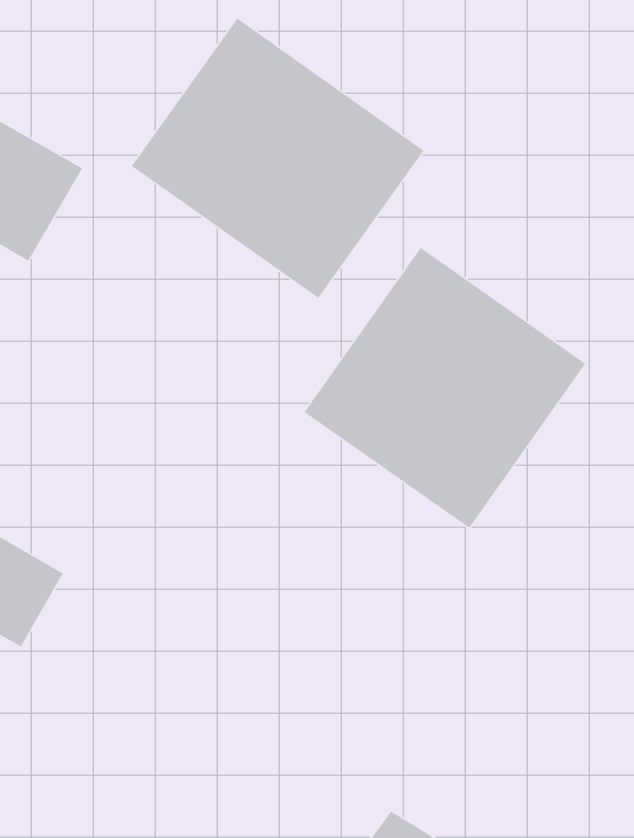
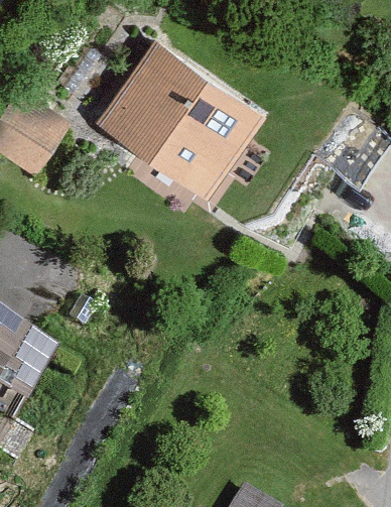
building: [303,247,586,529] -> none

